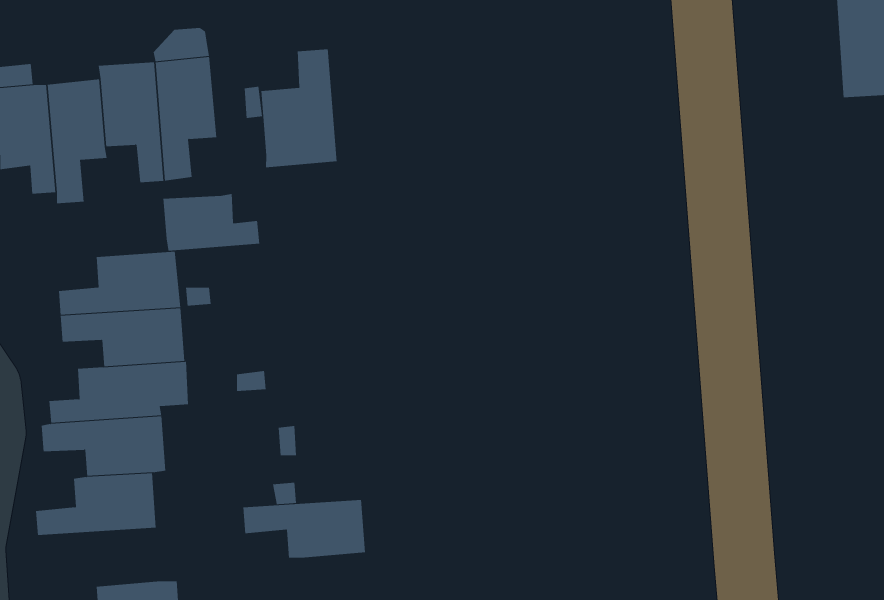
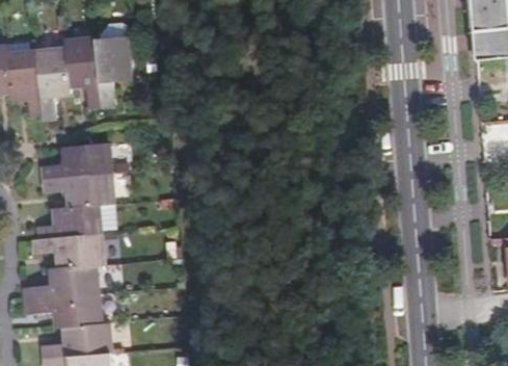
building: [261,48,337,168] -> none
building: [163,193,260,251] -> none
building: [243,500,366,558] -> [32,295,100,328]

